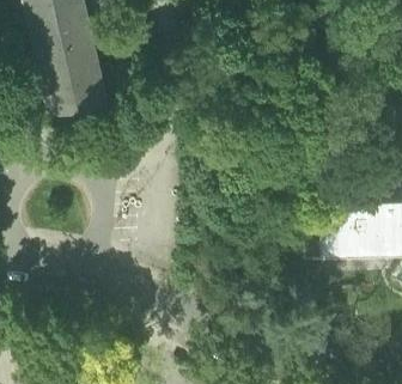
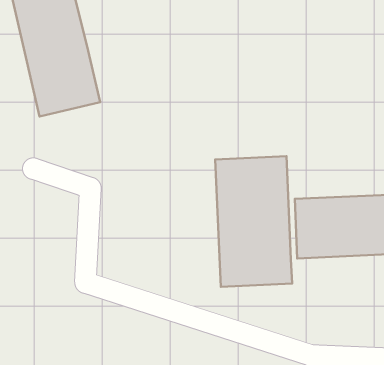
building: none -> [215,156,292,287]

